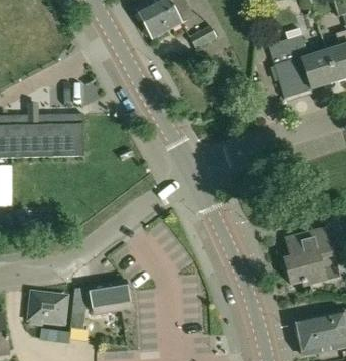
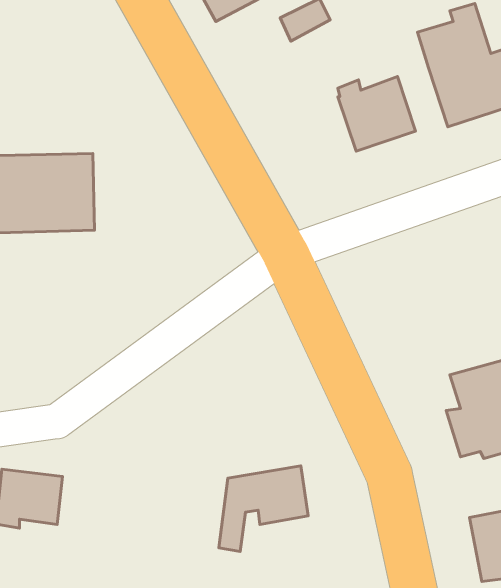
building: none -> [338,76,416,151]
building: [70,281,121,329] -> [219,466,308,551]

